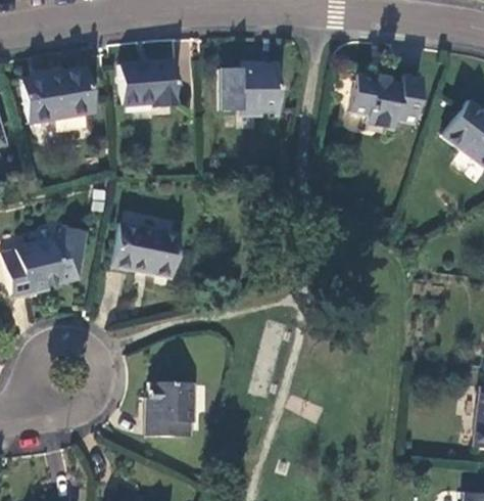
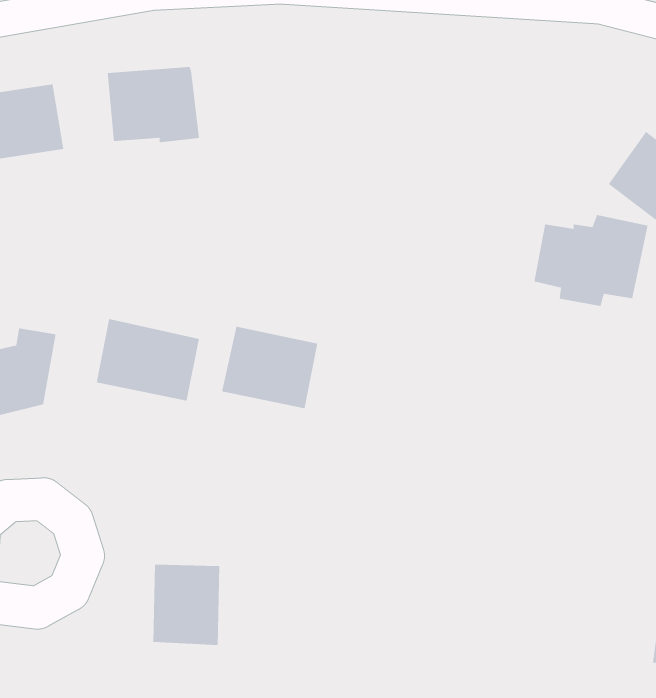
building: [221,60,280,116] -> none
building: [348,66,423,127] -> [534,214,649,307]
building: none -> [221,326,318,409]

